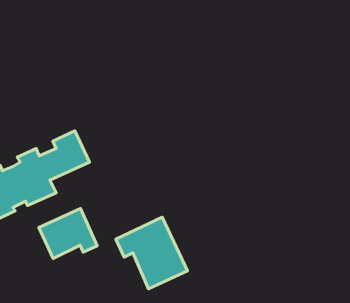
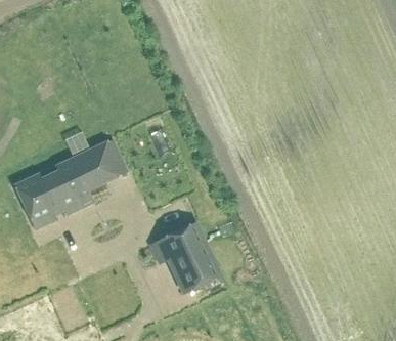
building: [39,209,97,259] -> none

